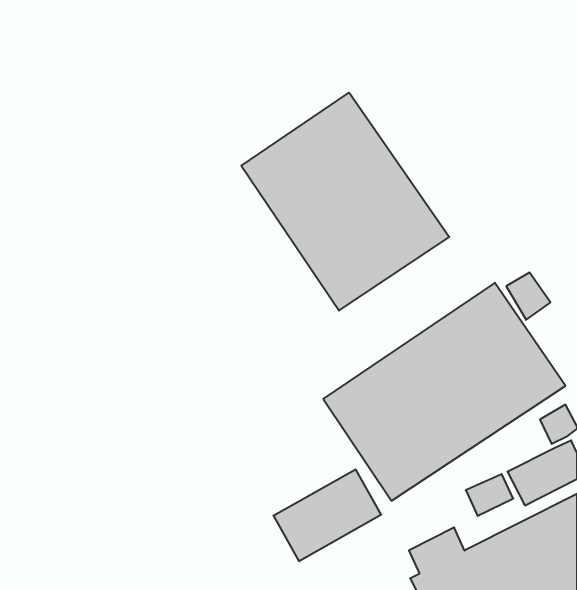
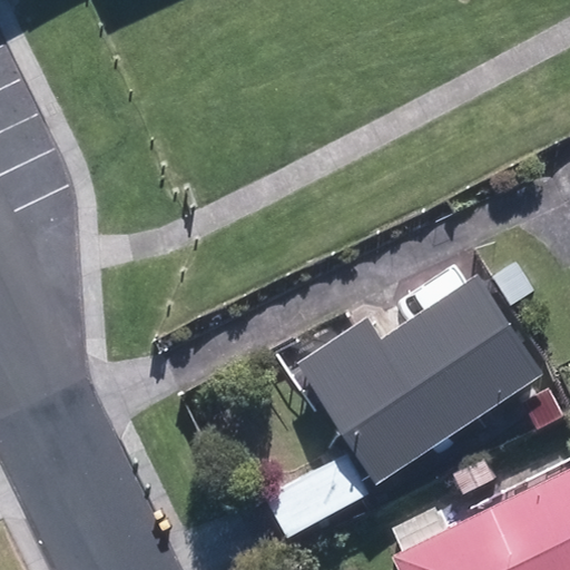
building: [241,93,449,311] -> none

